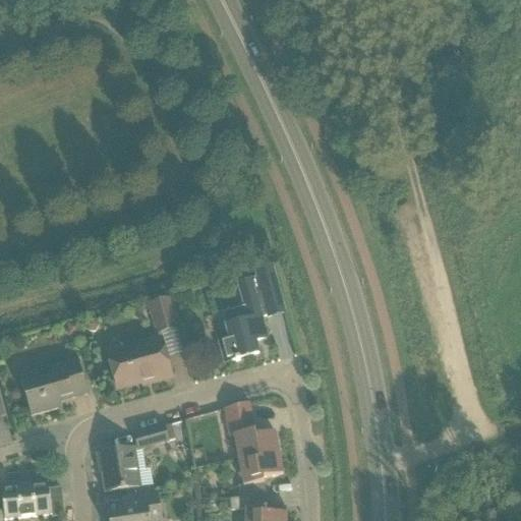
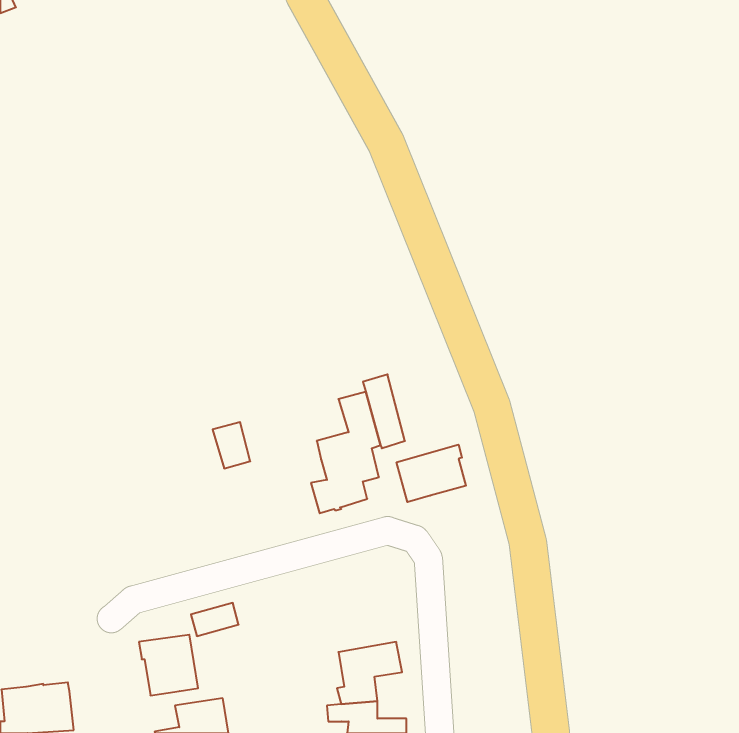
building: none -> [397,445,466,502]
building: [108,338,171,387] -> none
building: [20,359,88,414] -> none
building: [224,401,279,459] -> none

